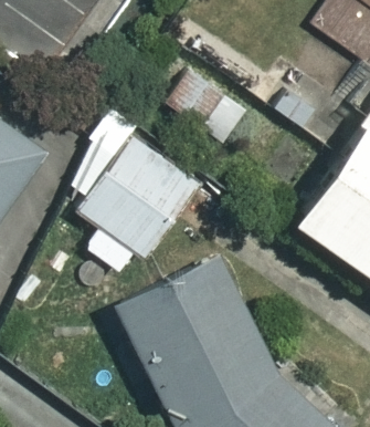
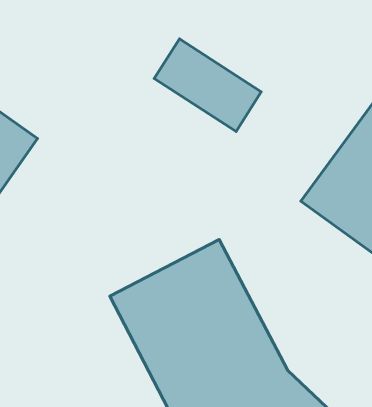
building: [76,136,207,267] -> none

